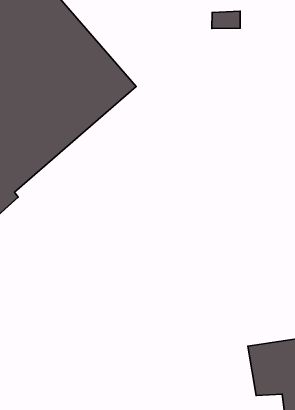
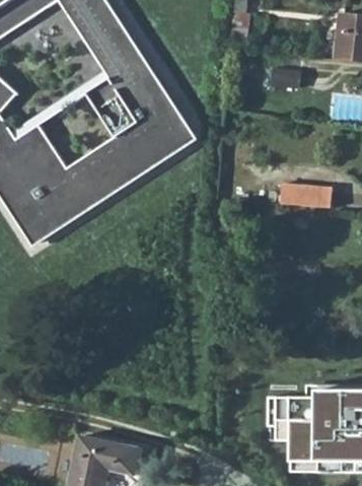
building: none -> [280,185,333,208]

